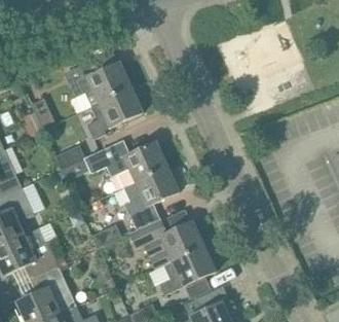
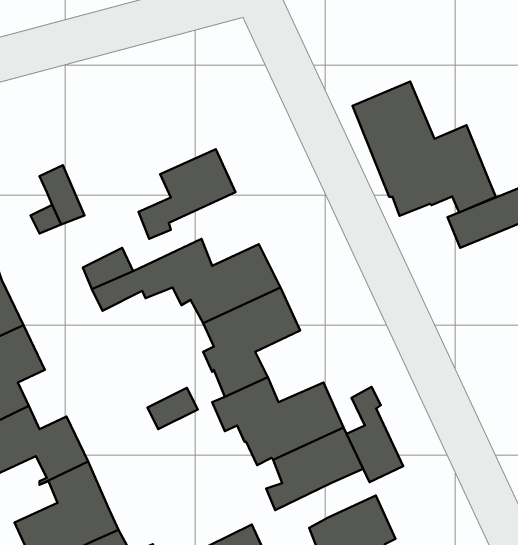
building: none -> [353,81,496,216]
building: [67,63,130,106] -> none
building: none -> [347,387,403,482]

